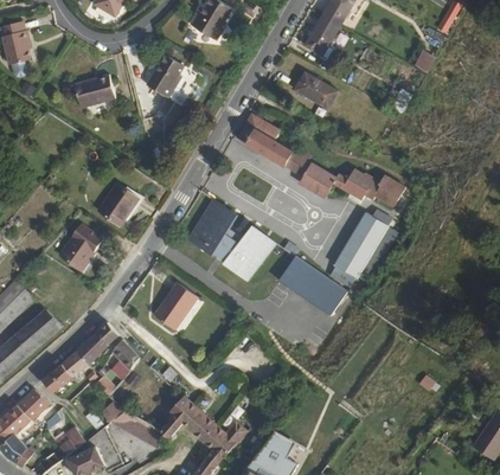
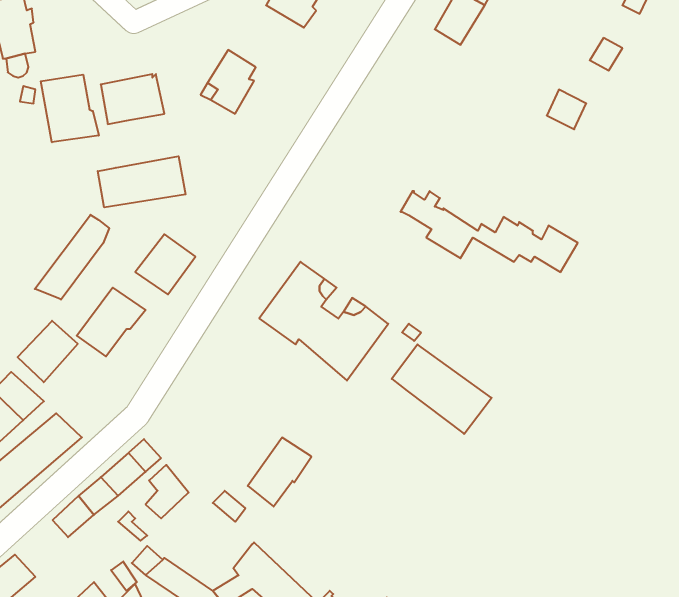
building: [295,68,339,105] -> none
building: none -> [41,75,99,142]
building: [237,114,291,167] -> none
building: none -> [98,156,186,207]
building: none -> [35,215,109,300]
building: [329,212,392,289] -> none
building: none -> [18,321,78,382]
building: [153,283,197,330] -> [248,438,311,507]
building: [18,387,52,418] -> none

